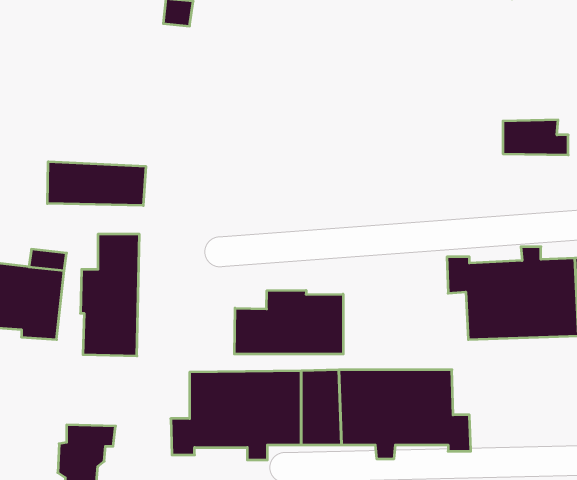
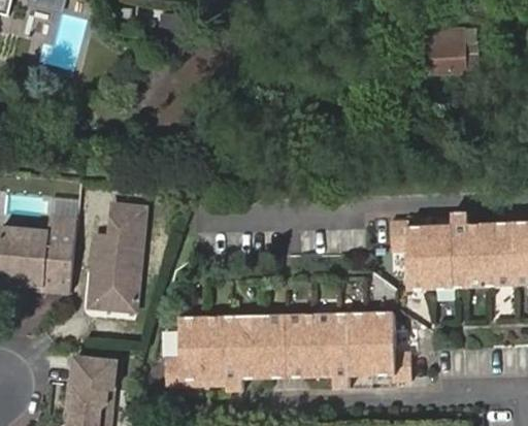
building: [503,120,568,155] -> [419,43,472,72]
building: [47,162,146,206] -> none
building: [234,290,343,354] -> none

